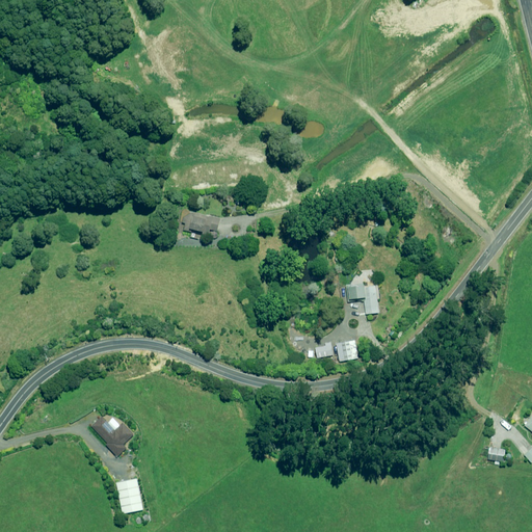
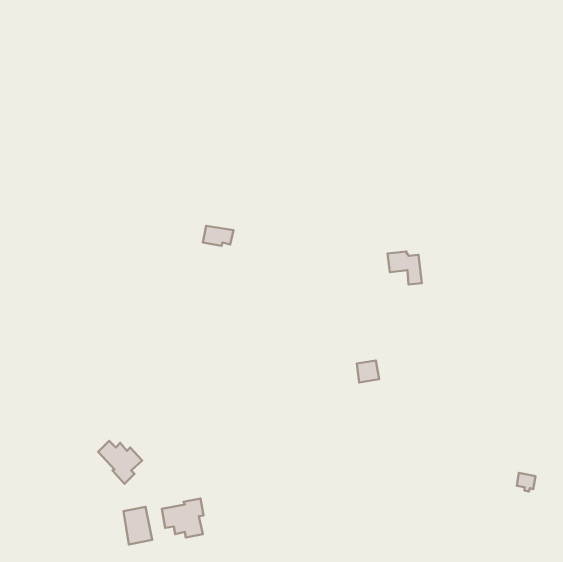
building: [346,282,378,313] -> [388,251,422,284]
building: none -> [162,498,203,537]

